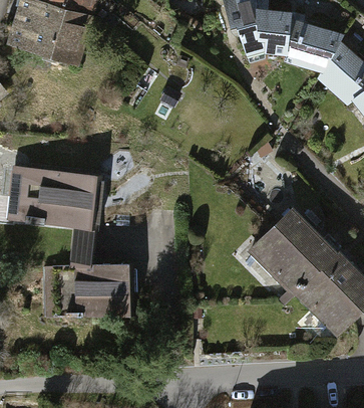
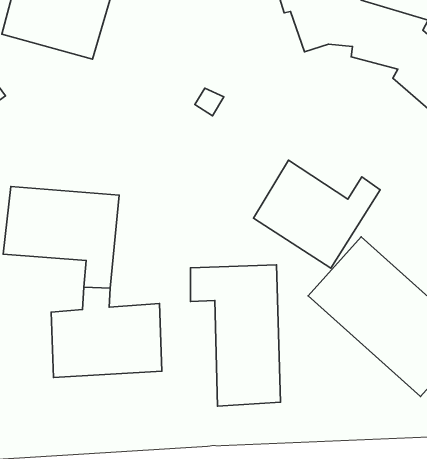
building: none -> [253,160,380,268]
building: none -> [190,265,280,406]

